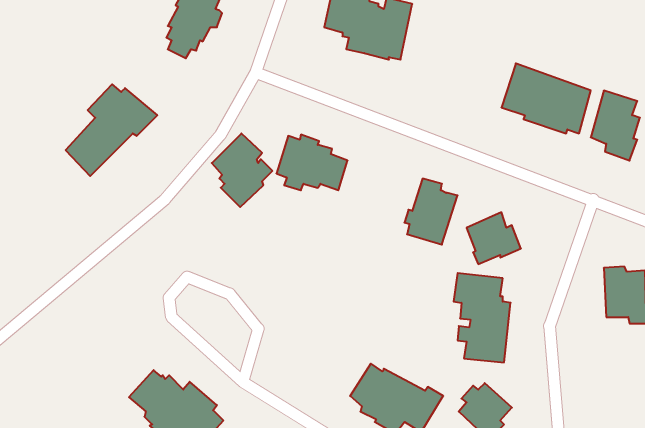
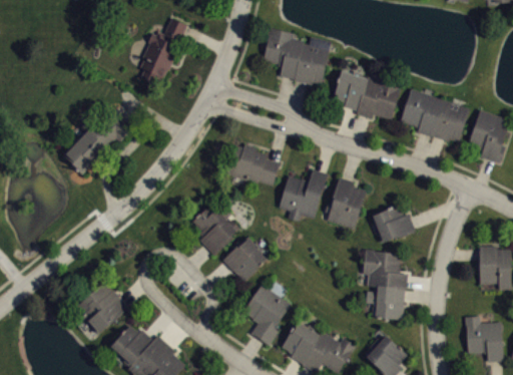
building: none -> [332,71,403,120]
building: [212,133,272,207] -> [192,199,239,256]
building: none -> [279,169,327,221]
building: none -> [222,238,269,284]
building: none -> [78,281,129,336]
building: none -> [243,285,291,347]
building: none -> [465,316,504,362]

